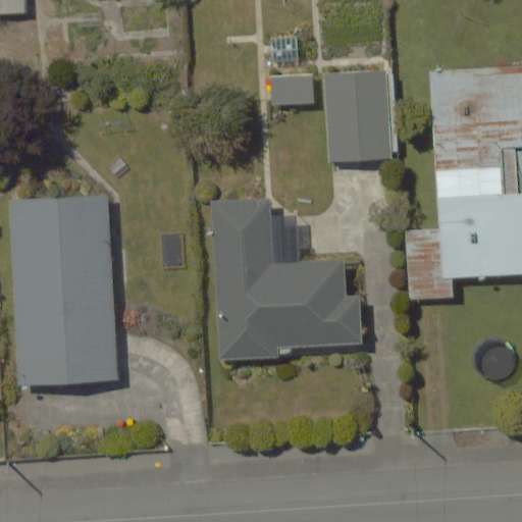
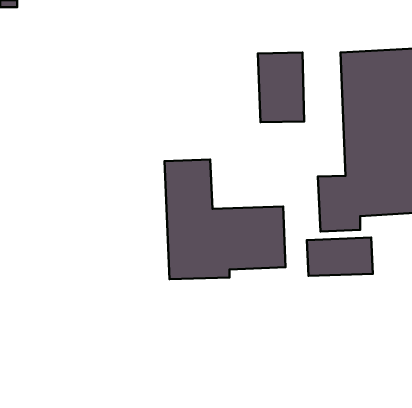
building: [10,192,117,385] -> none
building: none -> [307,237,373,276]

